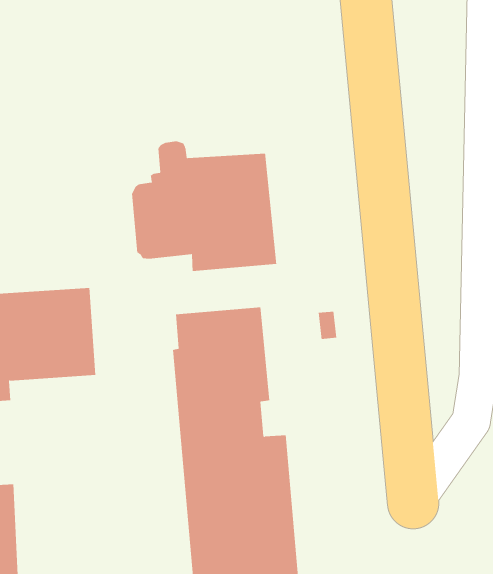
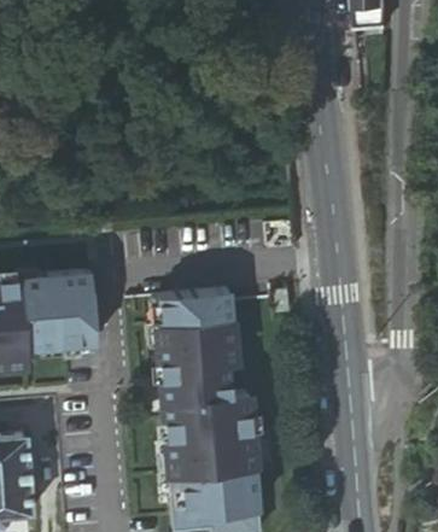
building: [131,140,277,272] -> none

